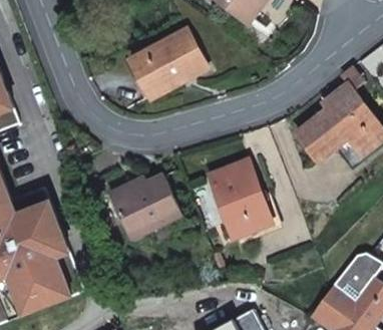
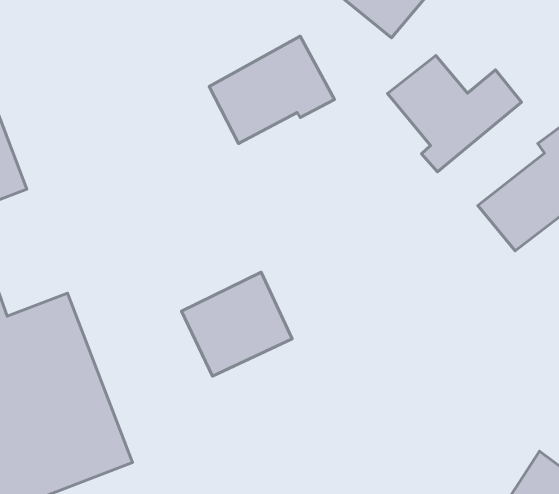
building: none -> [388,56,521,172]
building: [209,160,273,239] -> none

